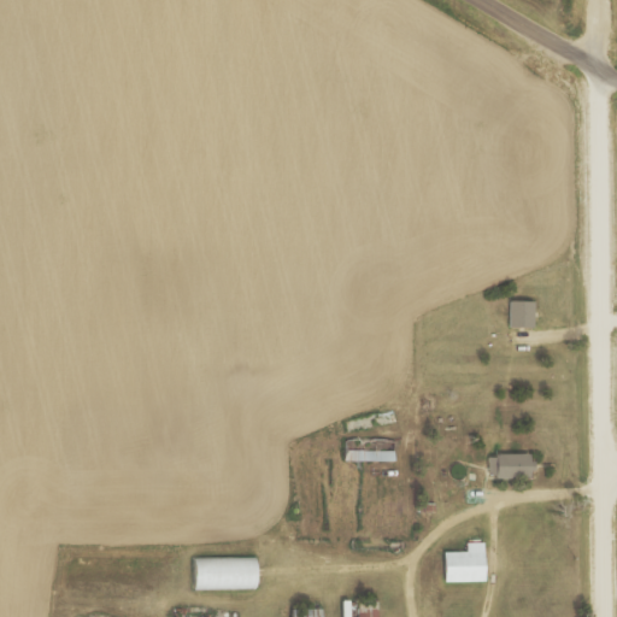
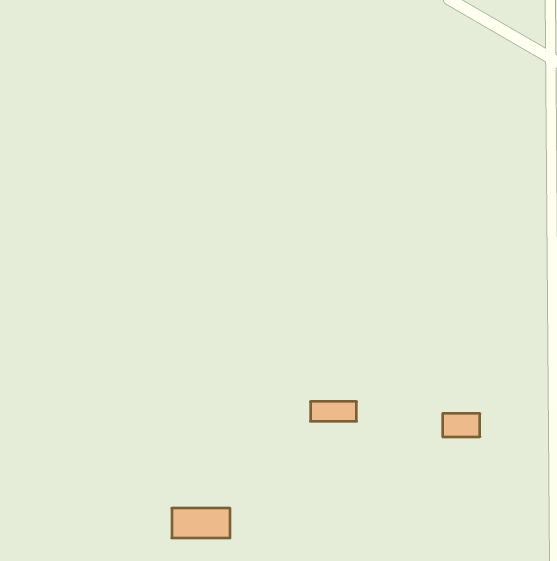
building: [512,300,537,327] -> none
building: [445,542,487,582] -> none

